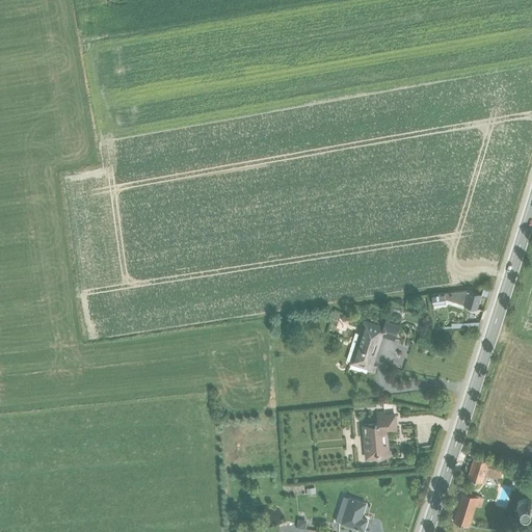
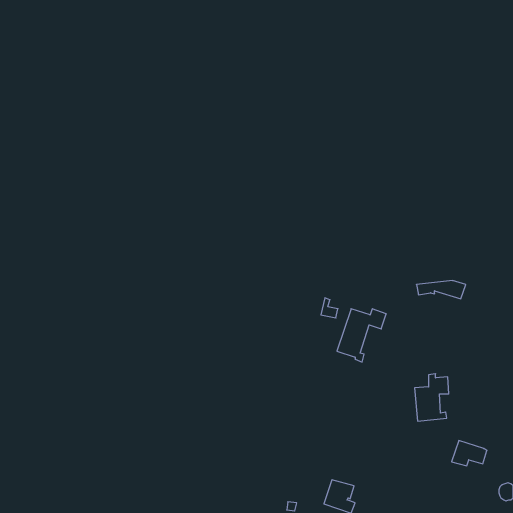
building: [362,410,397,459] -> [415,374,449,421]
building: [453,493,483,527] -> none

